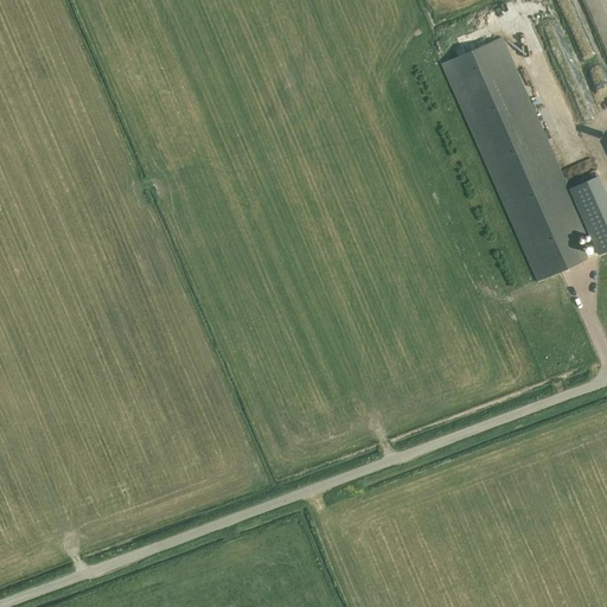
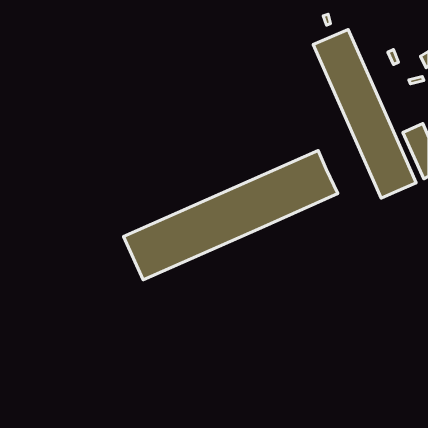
building: none -> [123,150,338,280]

